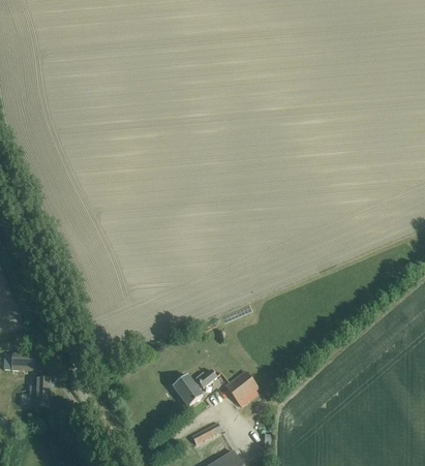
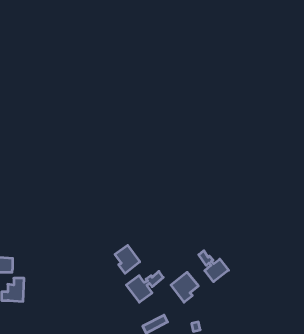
building: none -> [115,245,140,273]
building: none -> [199,251,229,282]

